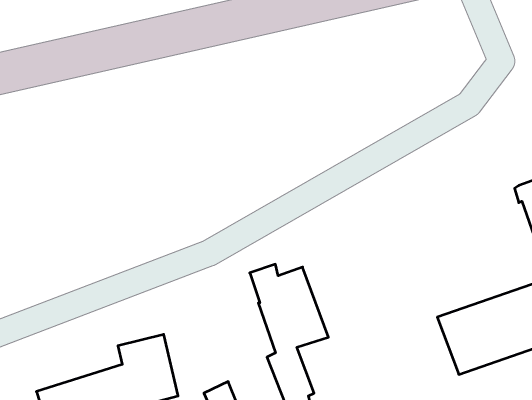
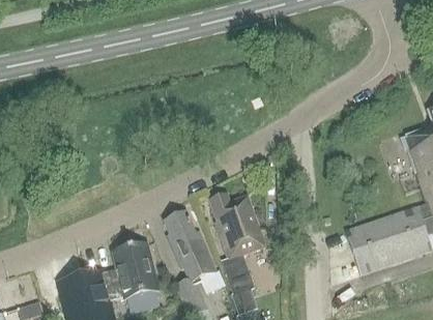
building: none -> [164,210,216,278]

